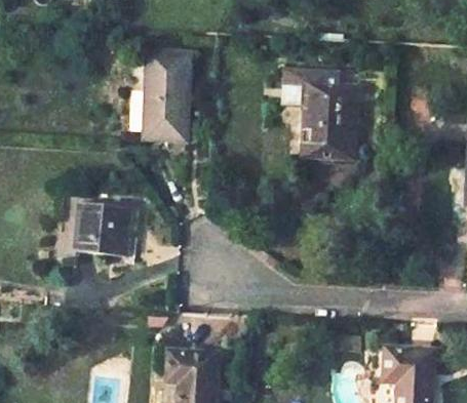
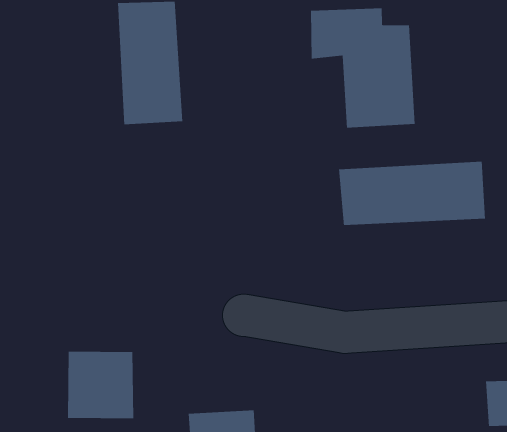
building: none -> [339,161,485,226]
building: [75,203,127,256] -> [67,351,134,419]

